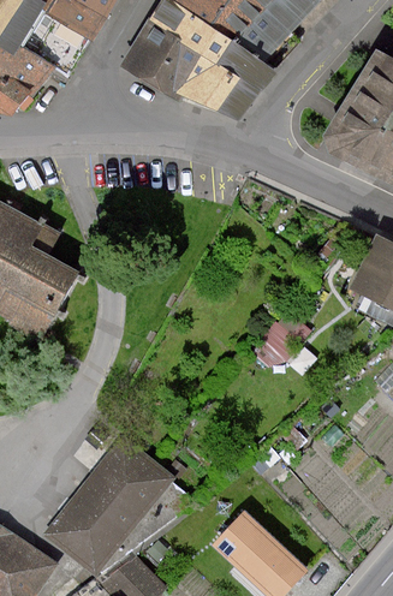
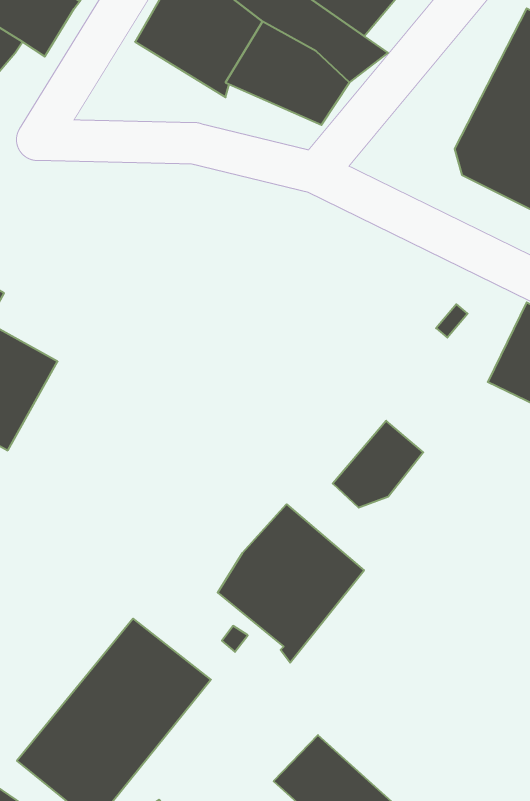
building: none -> [218,504,364,663]

